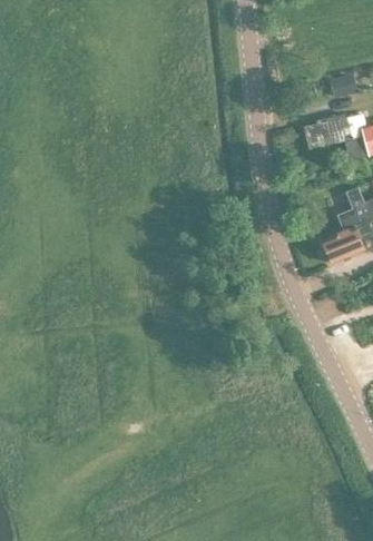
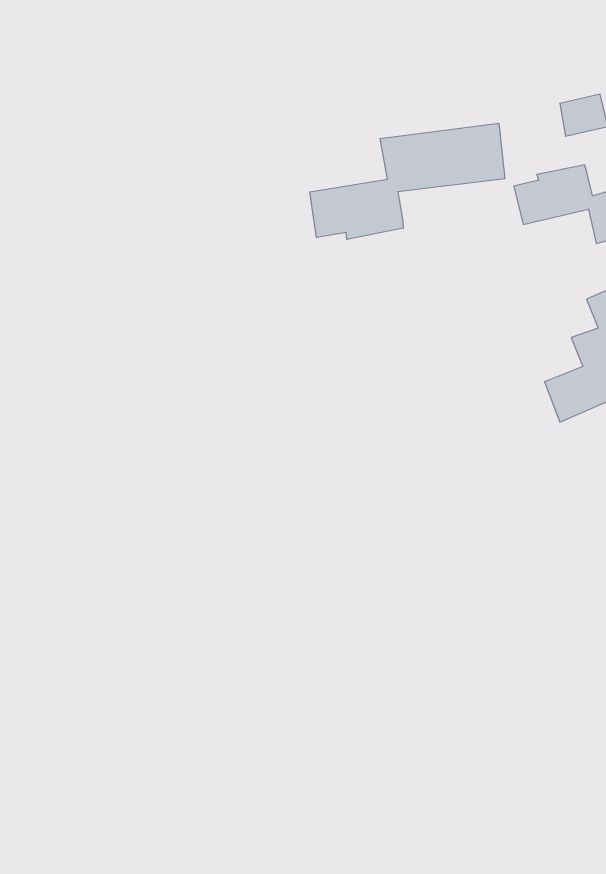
building: none -> [310,123,505,240]

